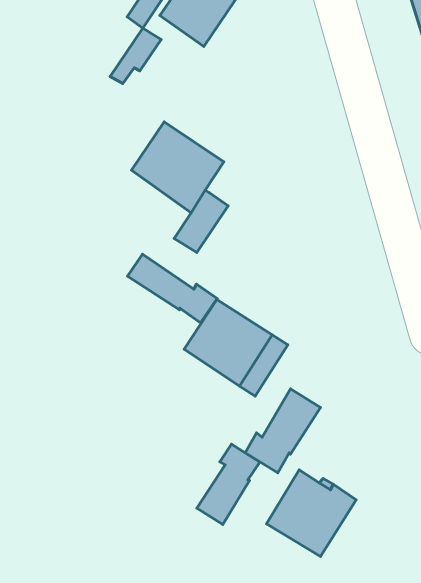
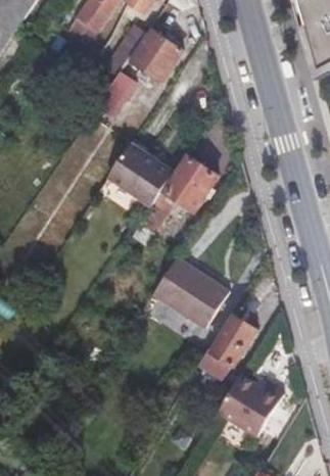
building: none -> [169,150,223,205]
building: [128,254,217,323] -> none
building: [197,444,260,524] -> none

